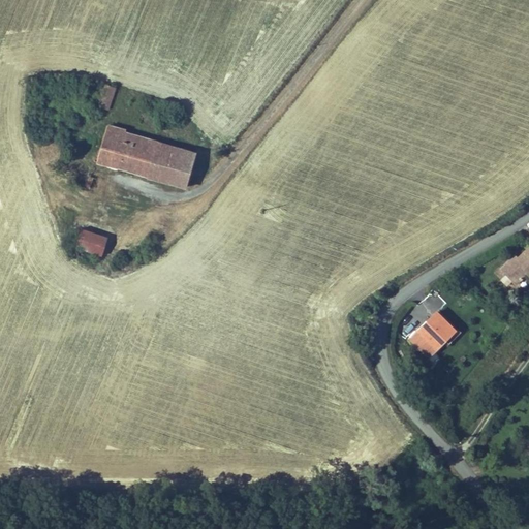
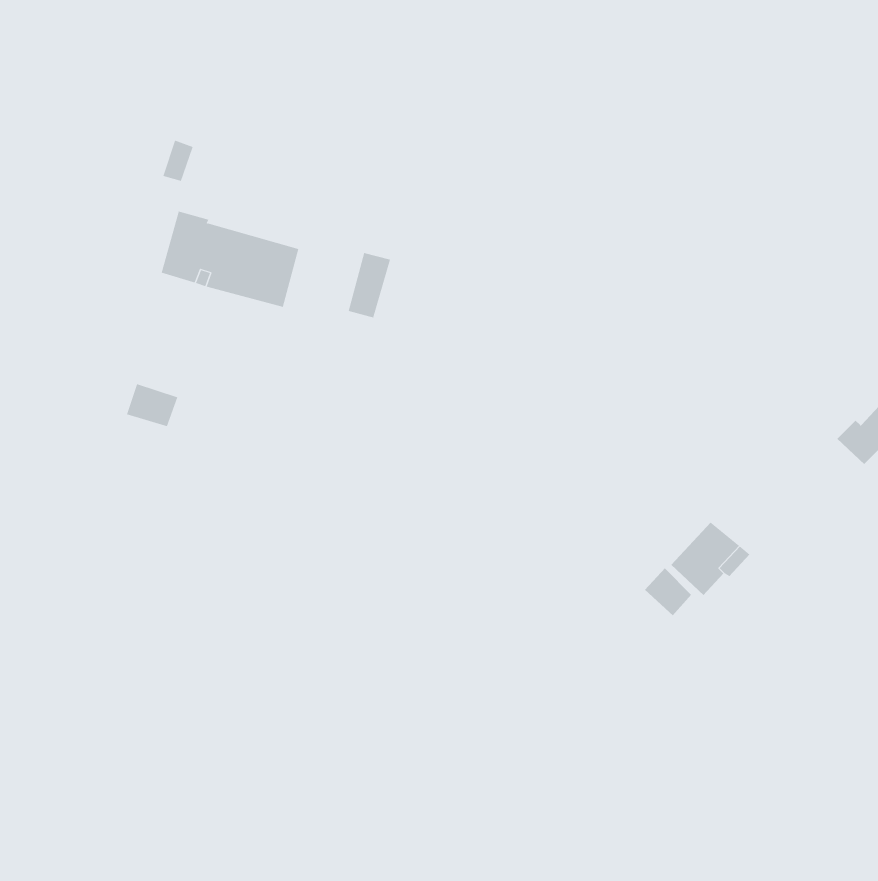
building: [173,149,198,188] -> [348,252,391,318]
building: none -> [644,568,692,616]

